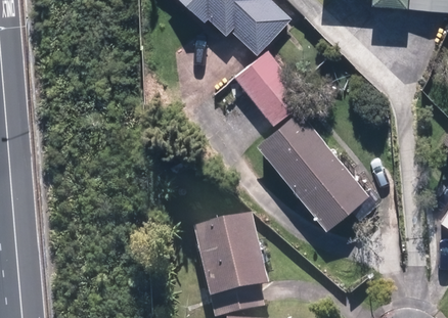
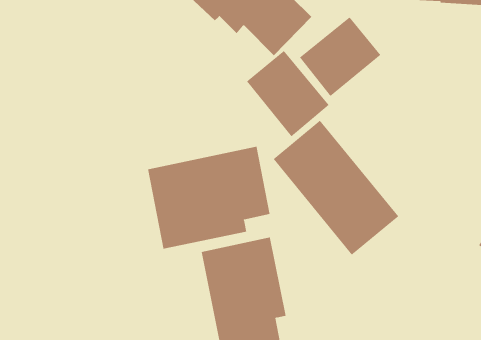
building: none -> [299,16,381,97]
building: none -> [147,146,270,249]

